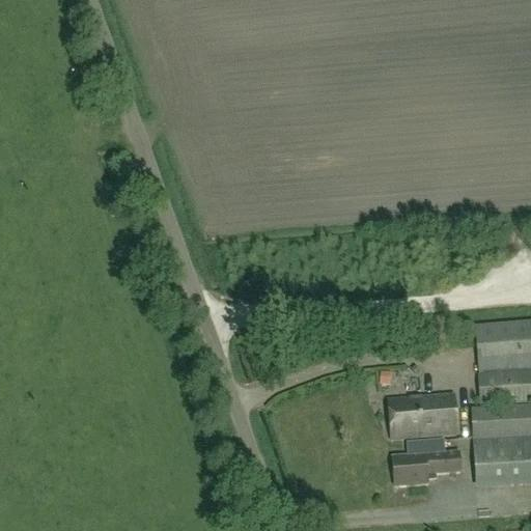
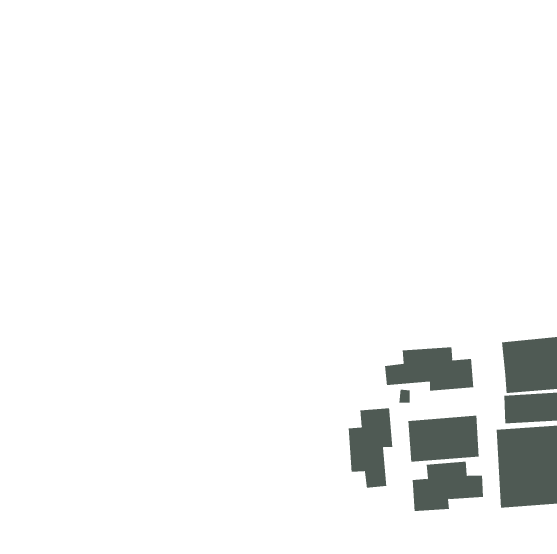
building: none -> [384,347,474,392]
building: none -> [348,407,393,489]

